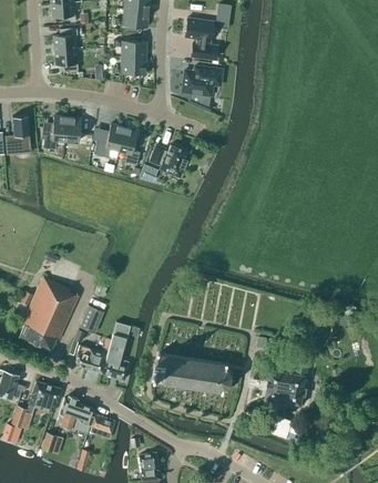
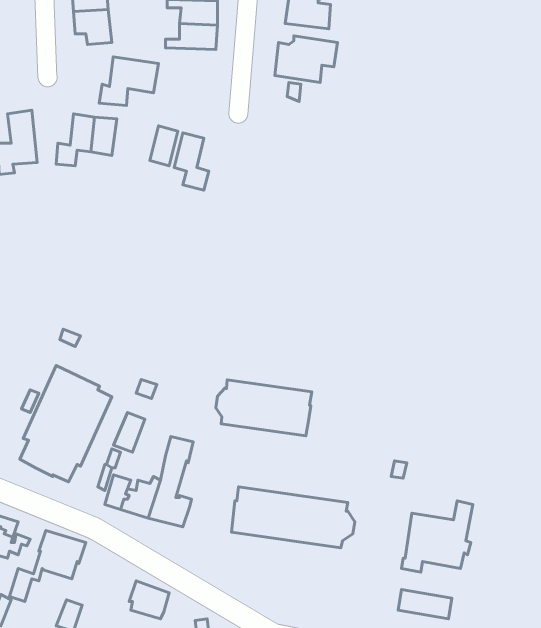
building: none -> [99,57,159,105]
building: [151,145,191,174] -> none
building: none -> [216,380,312,436]
building: [58,397,95,433] -> none

